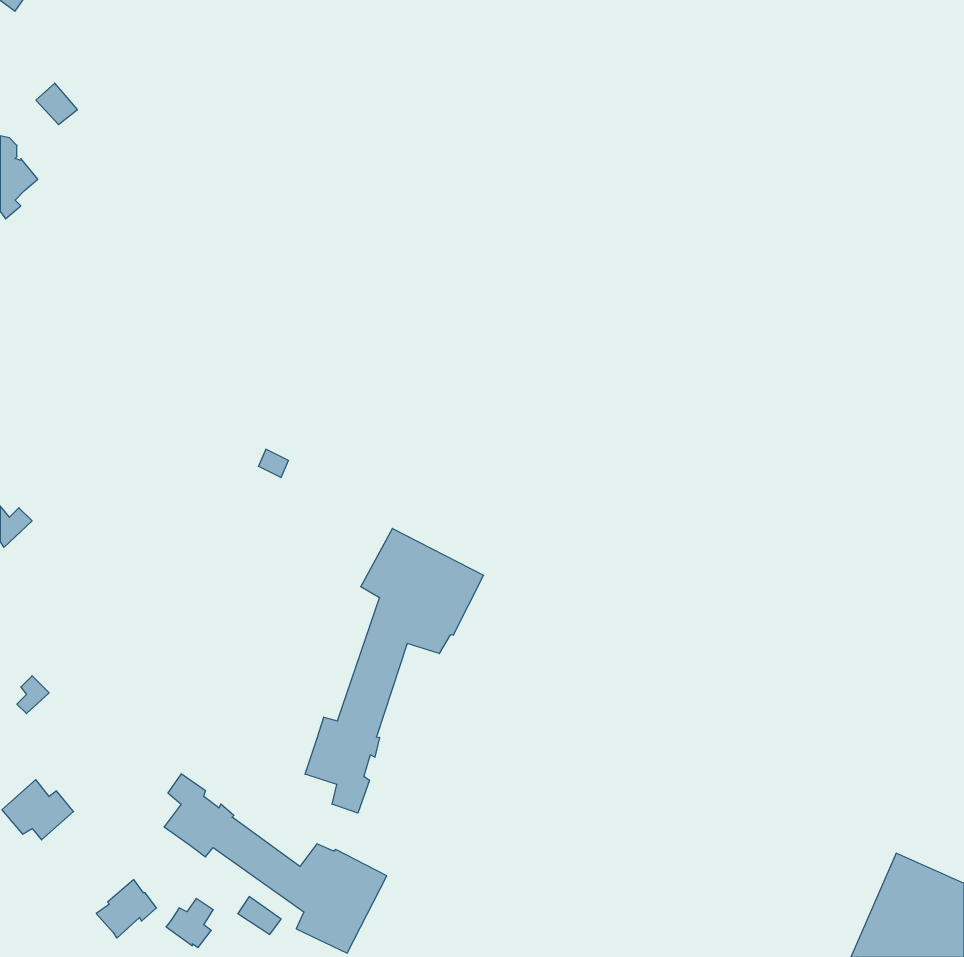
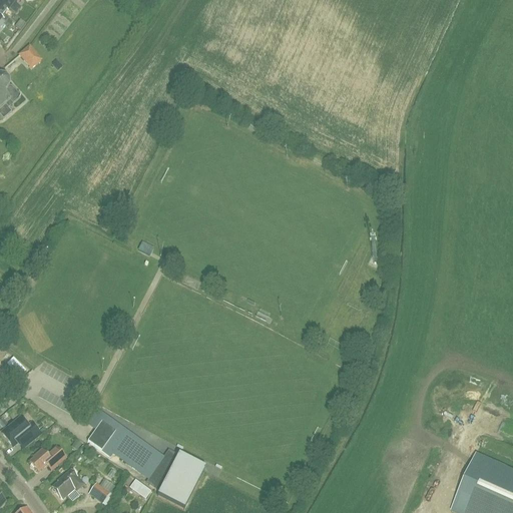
building: [305,528,484,813] -> none
building: none -> [29,445,65,470]

